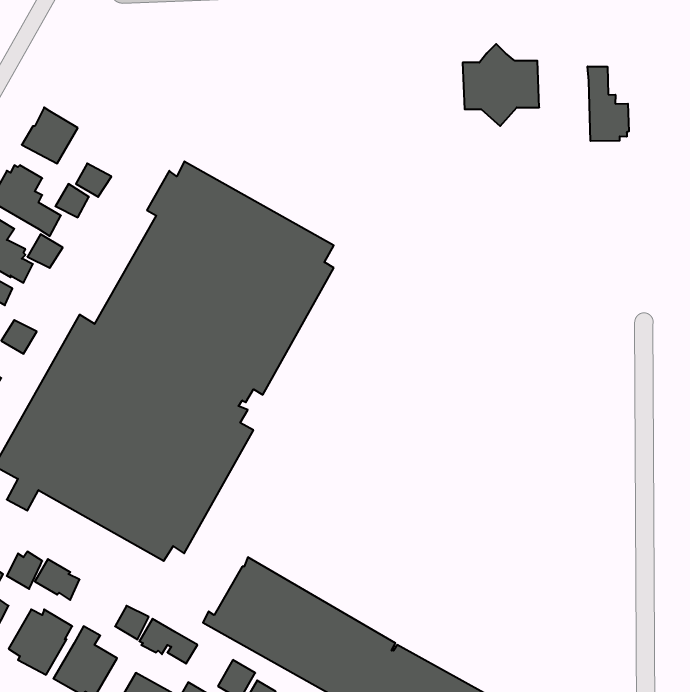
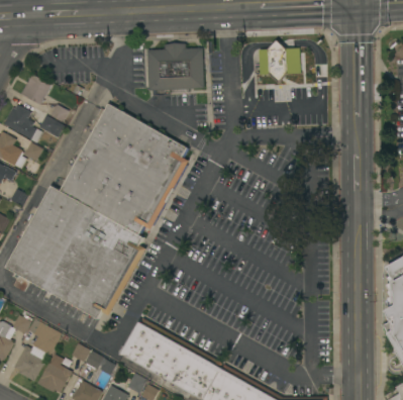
building: none -> [146,43,204,93]
building: [588,66,629,141] -> none

